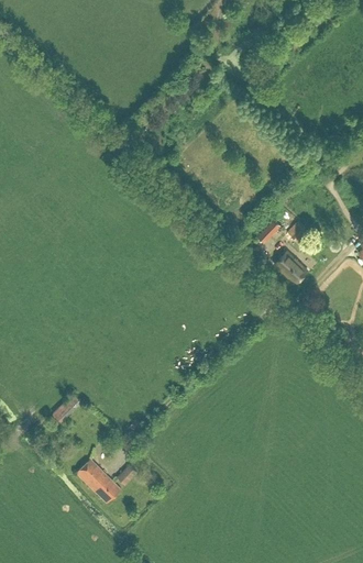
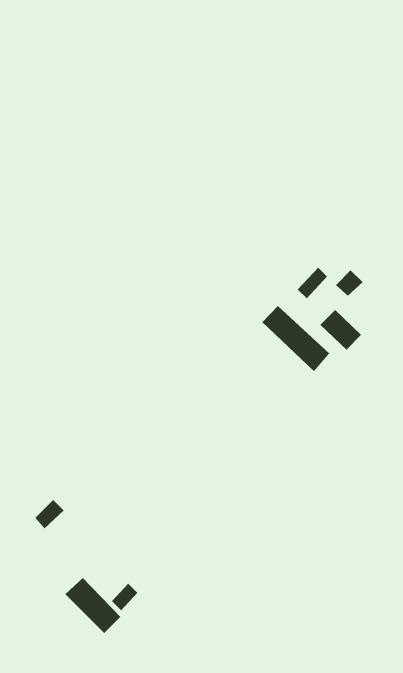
building: none -> [262,305,330,372]

